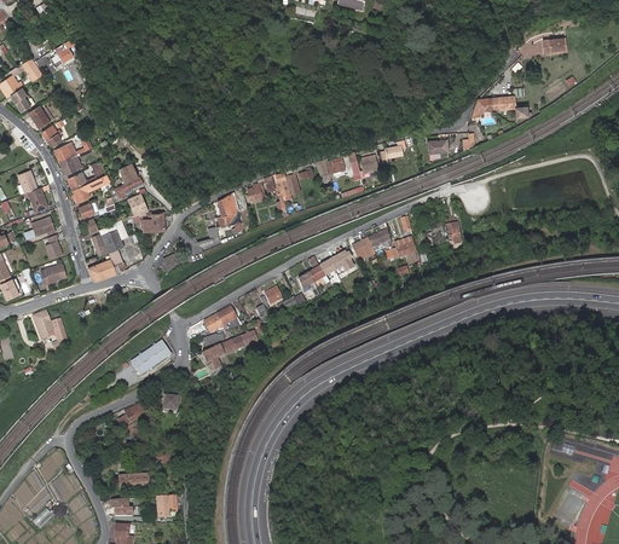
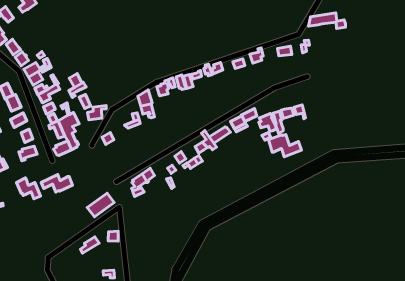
building: none -> [268,134,302,157]
building: none -> [41,175,72,192]
building: [201,331,258,371] -> none

